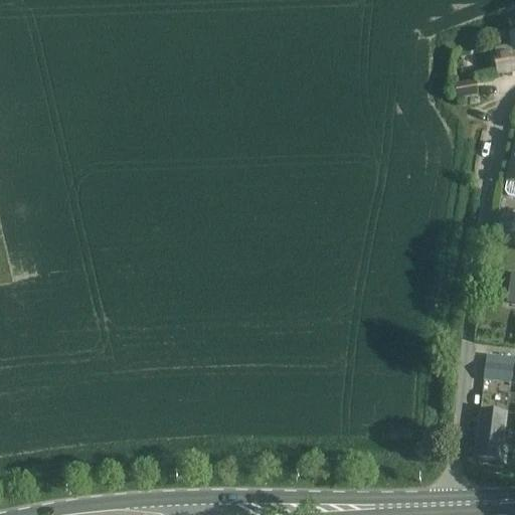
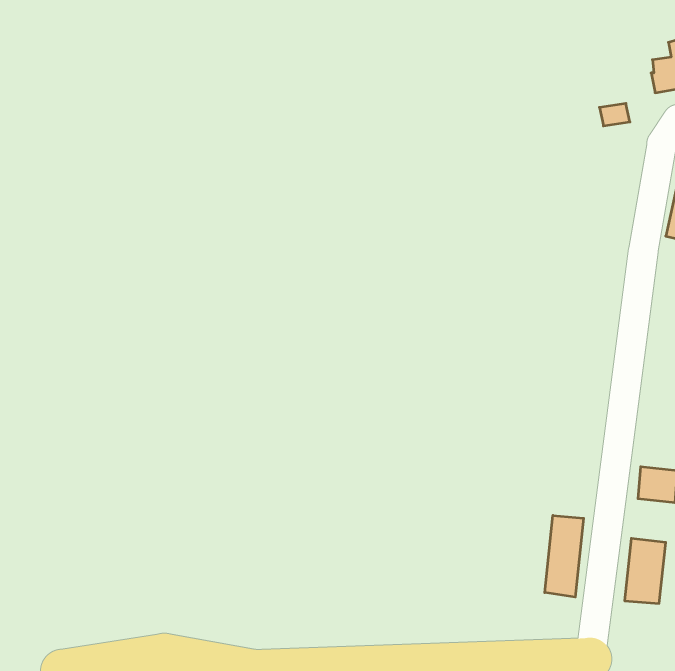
building: none -> [545,515,584,597]

